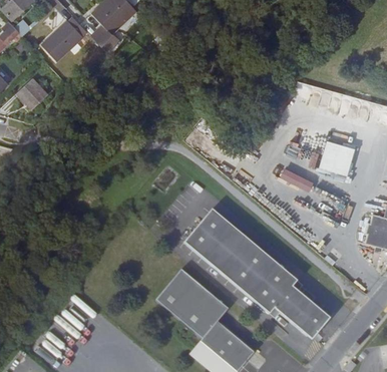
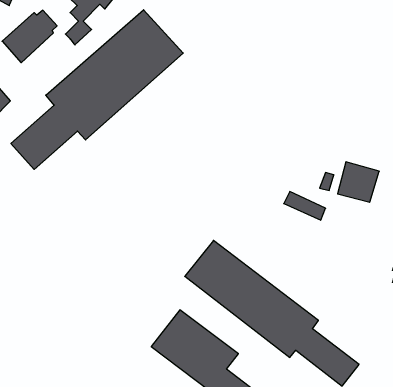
building: none -> [11,10,183,169]

